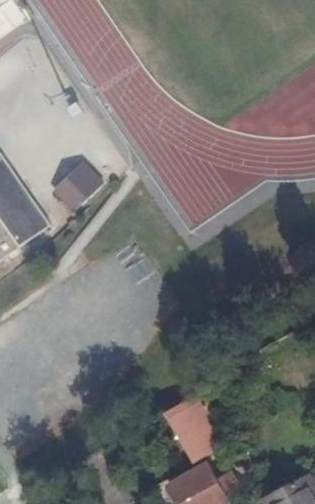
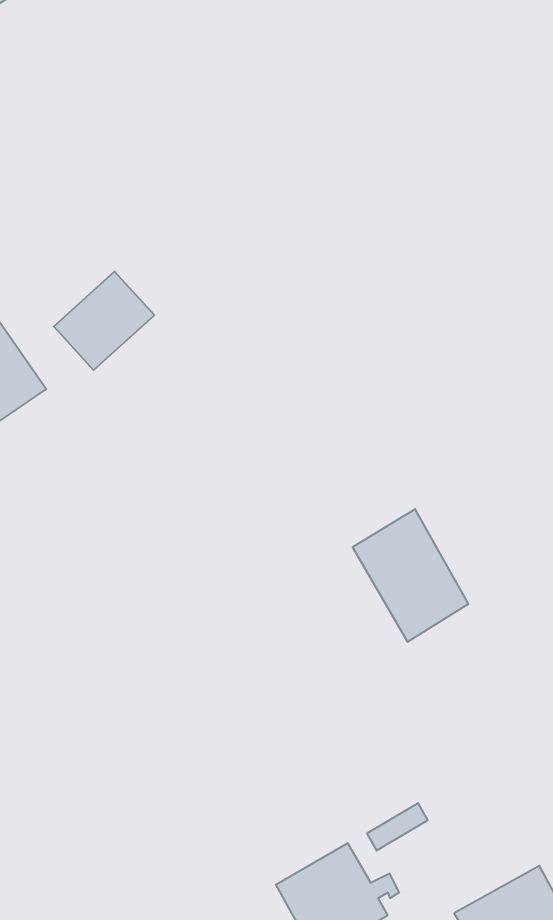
building: [166,391,227,461] -> [353,509,468,642]

